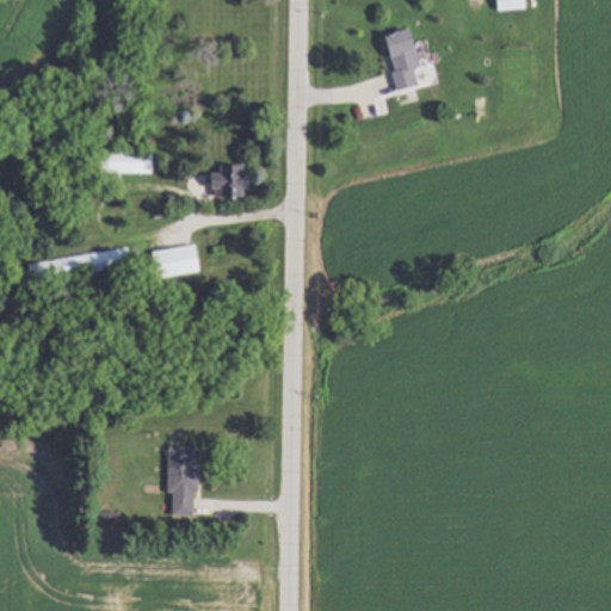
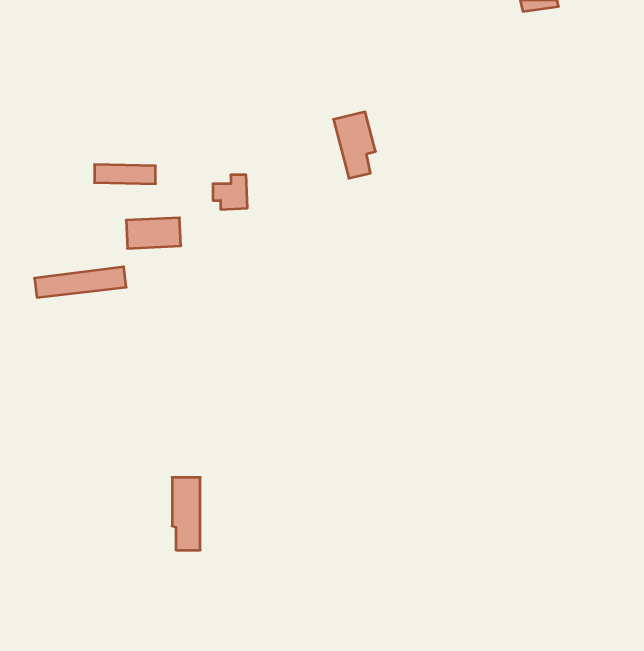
building: [382,29,421,91] -> [333,112,376,178]
building: [149,247,200,276] -> [126,218,181,248]

